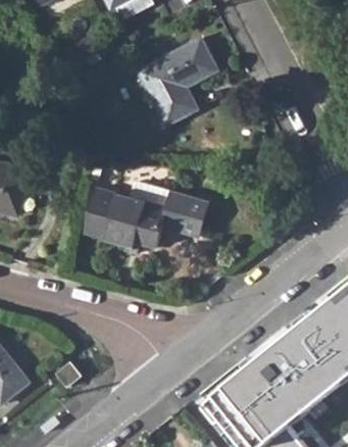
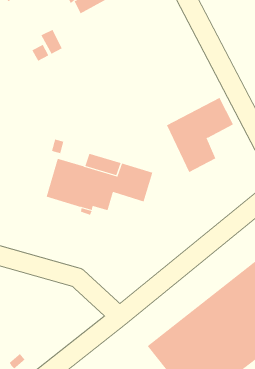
building: [138,35,216,122] -> [166,97,234,173]

